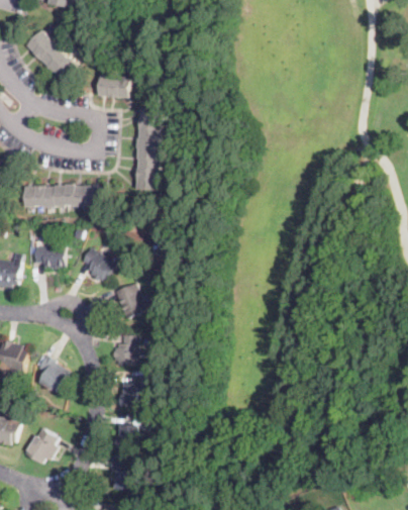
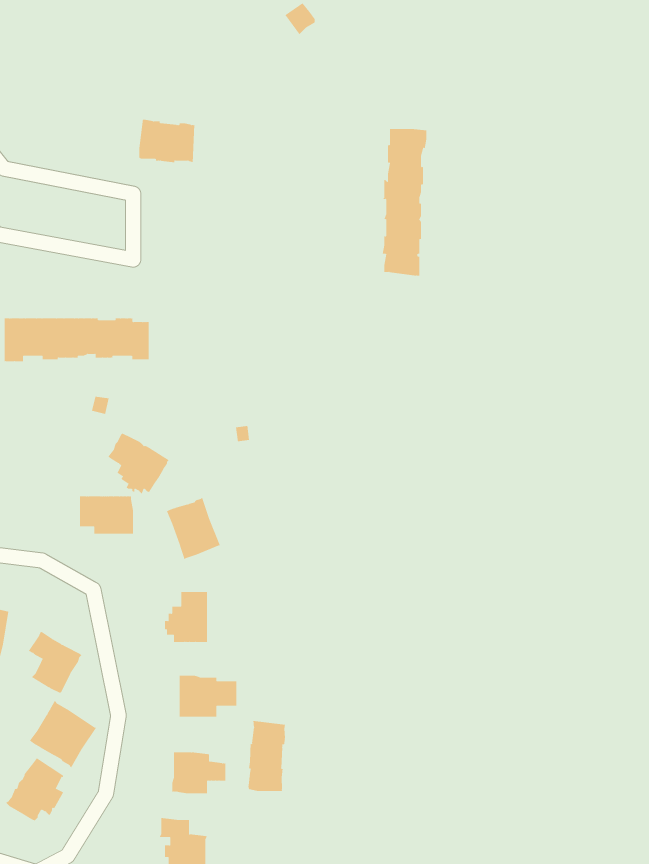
building: [26,30,78,80] -> none
building: [135,108,161,190] -> [382,128,427,276]
building: [33,245,64,267] -> [79,496,134,534]
building: none -> [29,700,97,768]
building: none -> [248,720,285,792]

